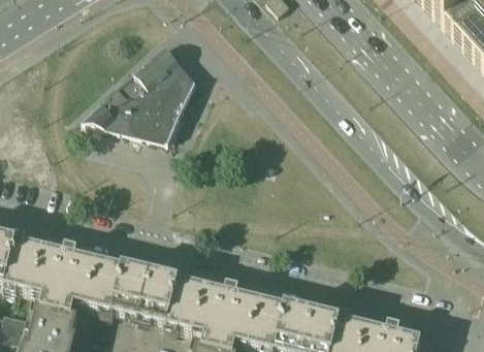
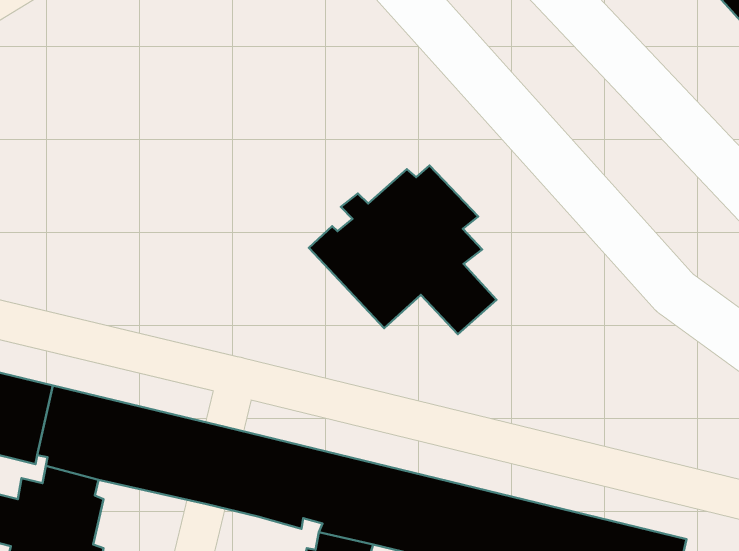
building: [84,39,198,135] -> none
building: none -> [309,166,496,334]

